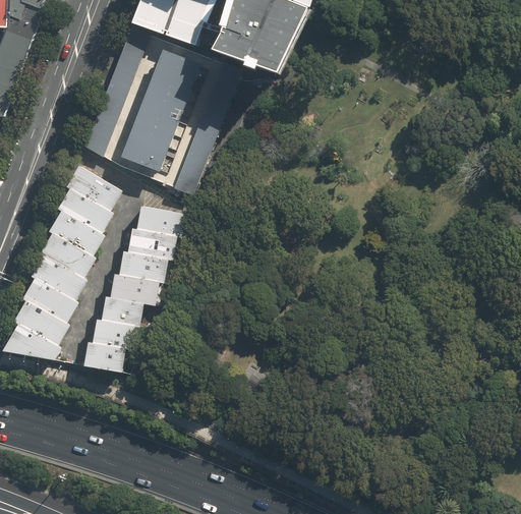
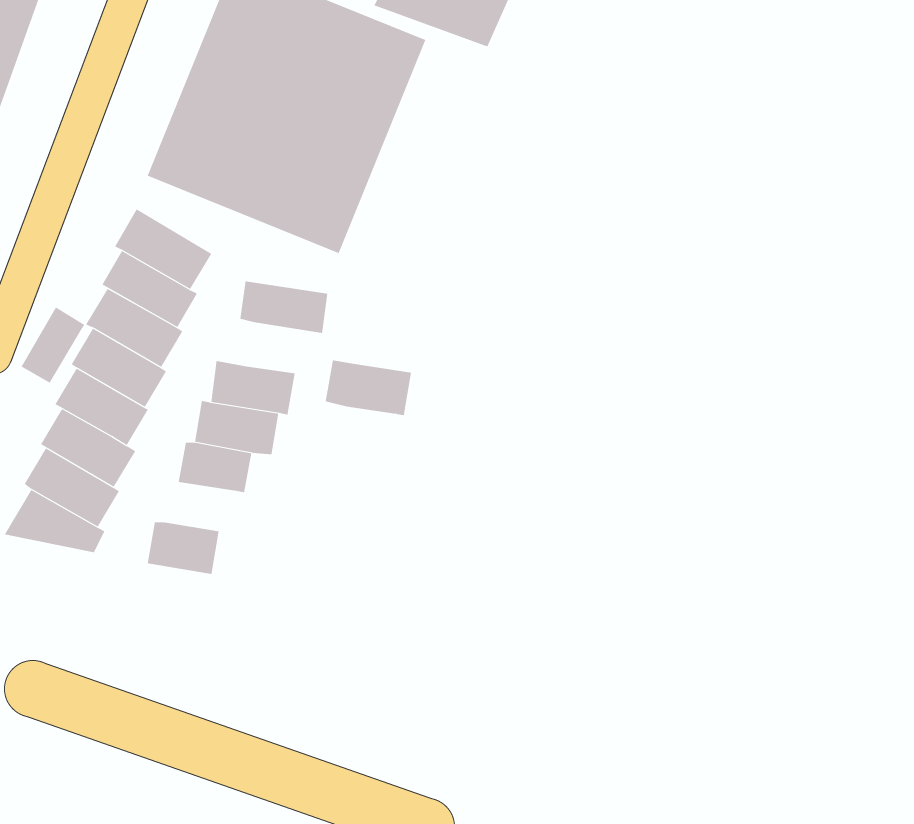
building: none -> [21,307,85,383]
building: [128,227,177,259] -> [325,360,412,416]
building: [94,318,134,347] -> none

